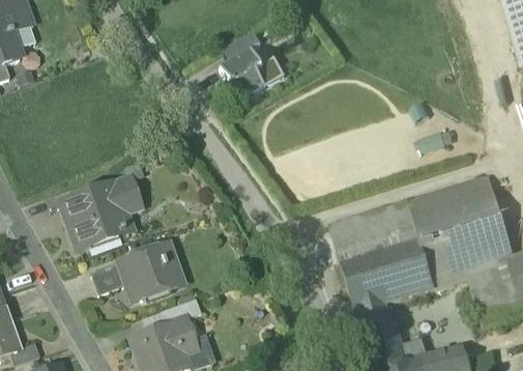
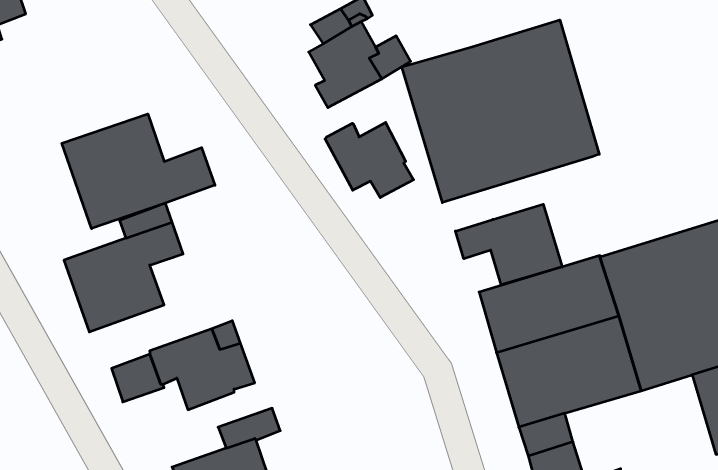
building: none -> [402,20,599,203]
building: none -> [62,114,215,229]
building: none -> [325,122,414,198]
building: none -> [455,204,562,285]

